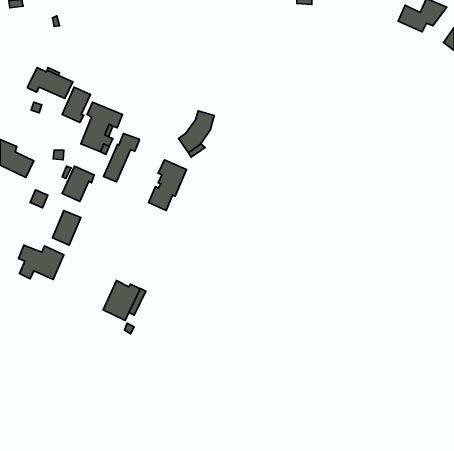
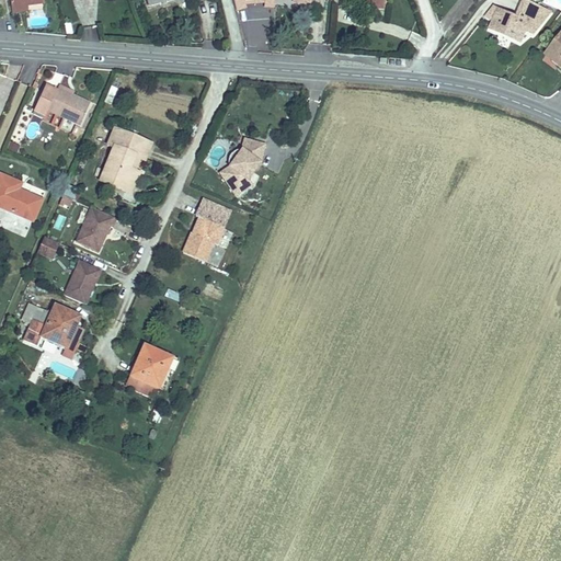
building: [62,87,90,122] -> none
building: [103,134,139,182] -> none

